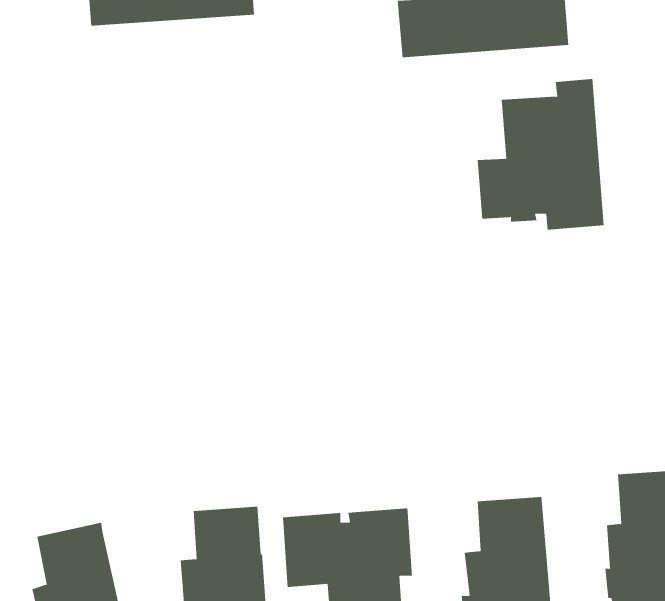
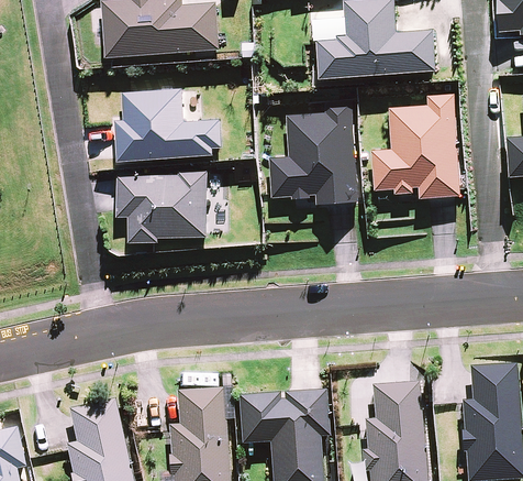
building: none -> [116,88,223,161]
building: none -> [269,101,358,206]
building: none -> [118,171,208,242]

